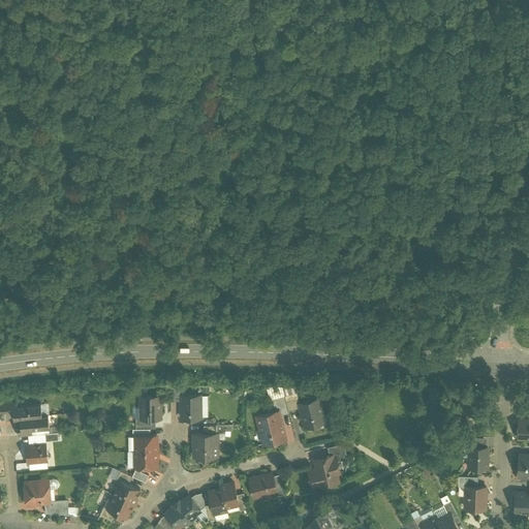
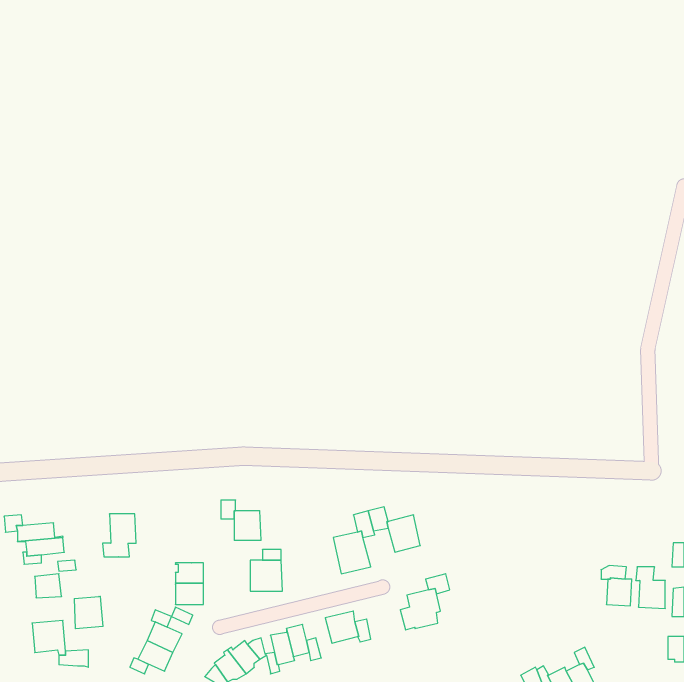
building: [135,397,161,430] -> [103,514,136,557]
building: none -> [74,596,103,629]
building: [463,477,486,509] -> [636,567,665,608]

